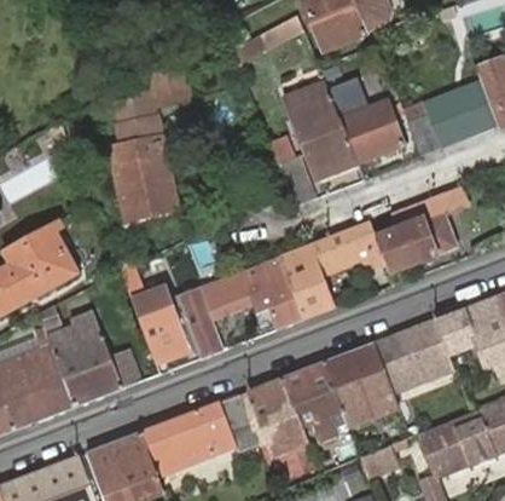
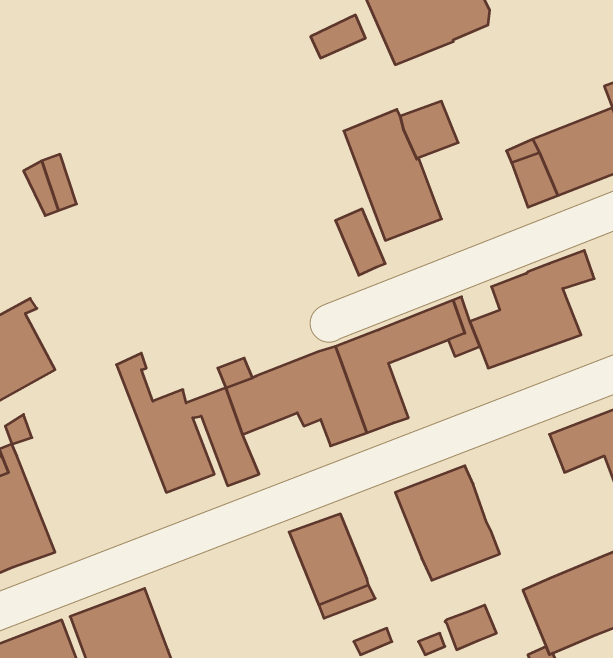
building: [110,67,188,220] -> none
building: [339,102,404,163] -> none
building: [47,312,140,407] -> none
building: [373,321,454,392] -> none
building: [283,363,342,440] -> none
building: [140,395,257,478] -> none

